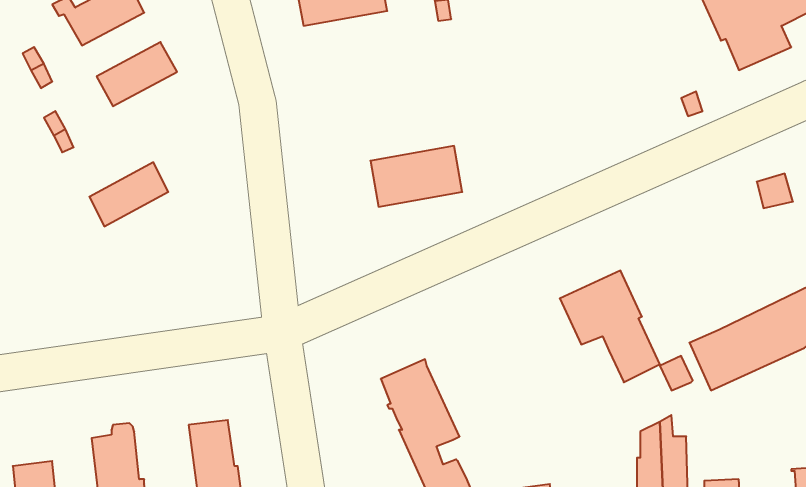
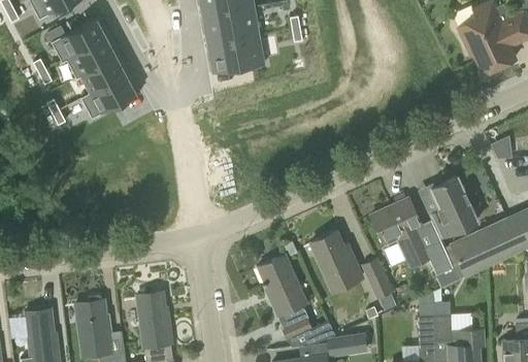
building: none -> [69,37,119,77]
building: [370,146,462,207] -> [208,36,266,74]
building: [89,162,168,226] -> [89,74,138,114]
building: none -> [428,176,476,238]
building: none -> [310,232,361,292]
building: none -> [360,258,392,300]

